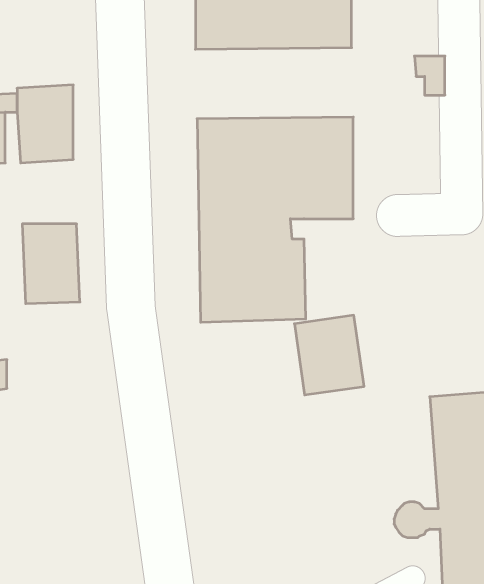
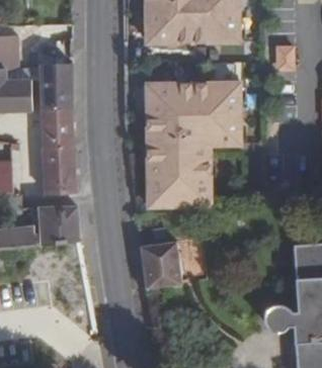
building: none -> [42,107,75,146]
building: [294,315,364,395] -> [140,243,181,290]
building: none -> [38,204,80,244]

